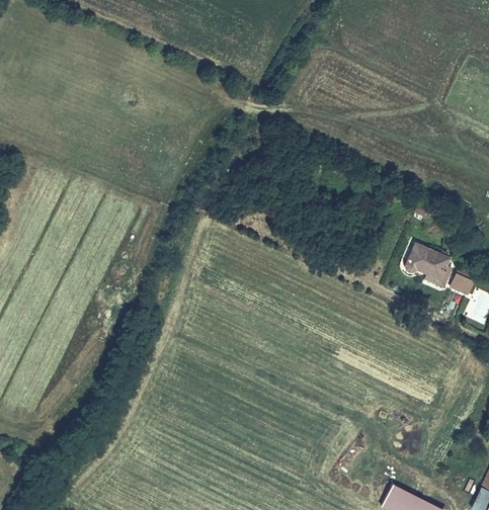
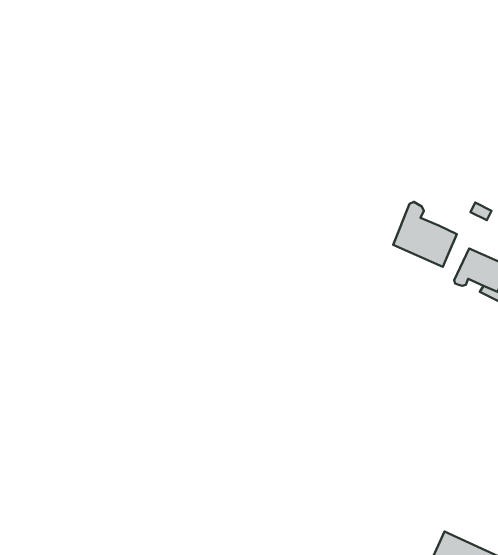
building: none -> [393,202,457,267]

